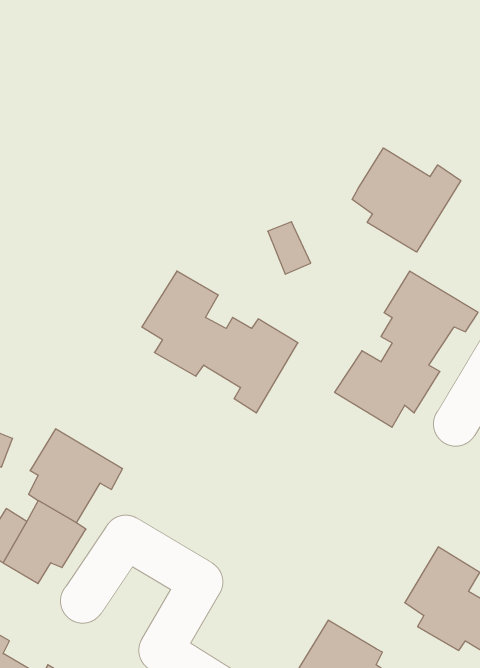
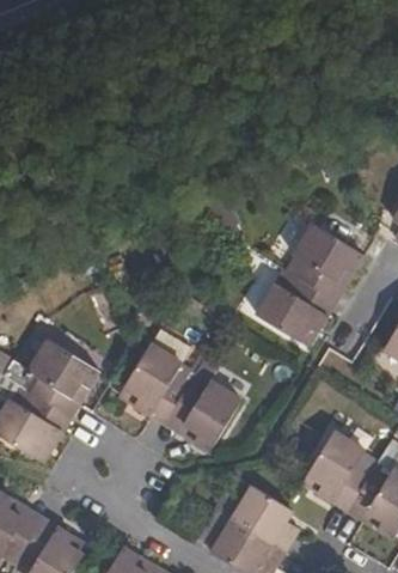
building: [352,148,461,252] -> none
building: [142,271,298,413] -> [122,346,239,452]

